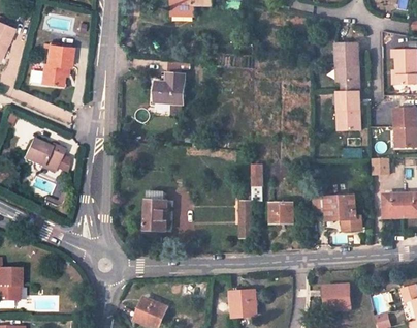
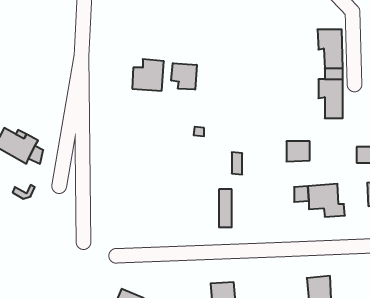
building: [40,39,73,82] -> none
building: none -> [171,63,197,90]
building: [143,191,163,230] -> none
building: [269,204,292,223] -> [286,141,310,161]

